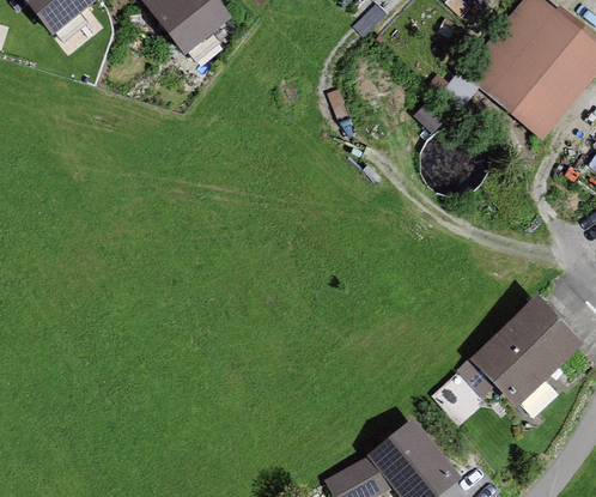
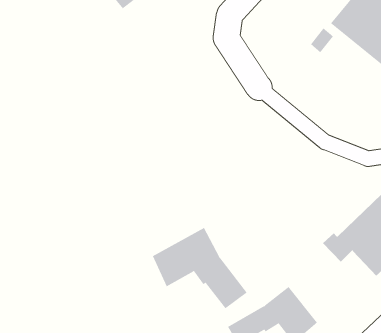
building: none -> [152,227,247,309]

